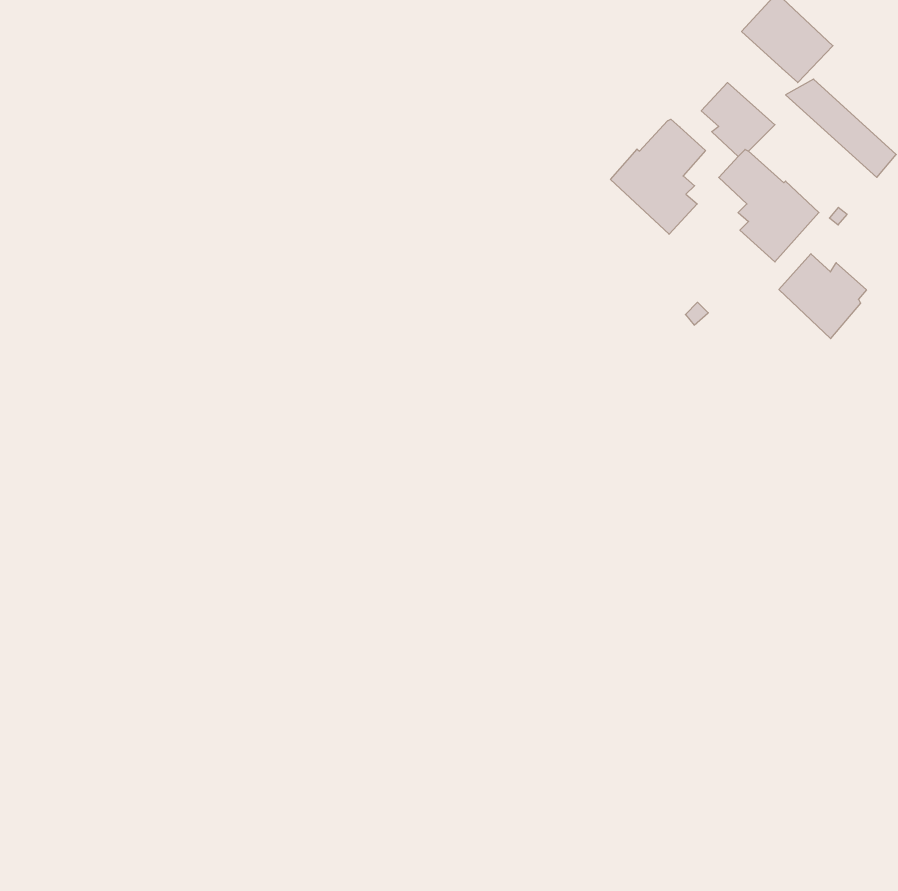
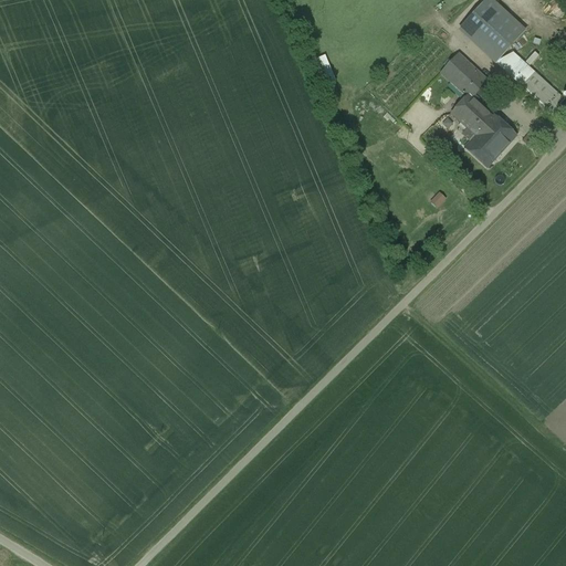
building: [611,119,705,234] -> none
building: [779,254,866,339] -> none

